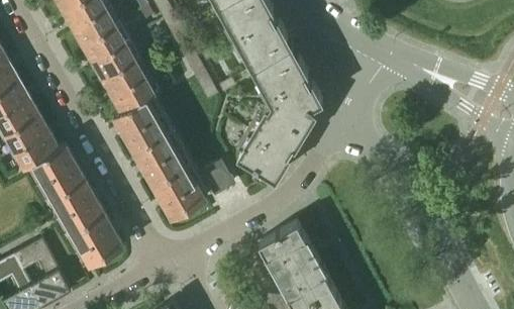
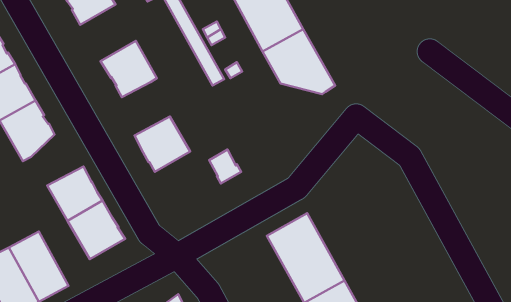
building: [81,24,133,78] -> none
building: [113,98,166,148] -> none
building: [236,99,315,182] -> none
building: [34,143,84,196] -> none
building: [151,164,205,218] -> none

